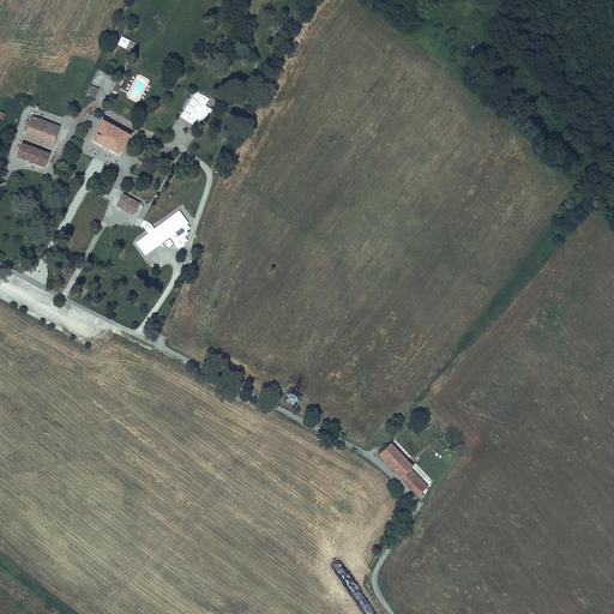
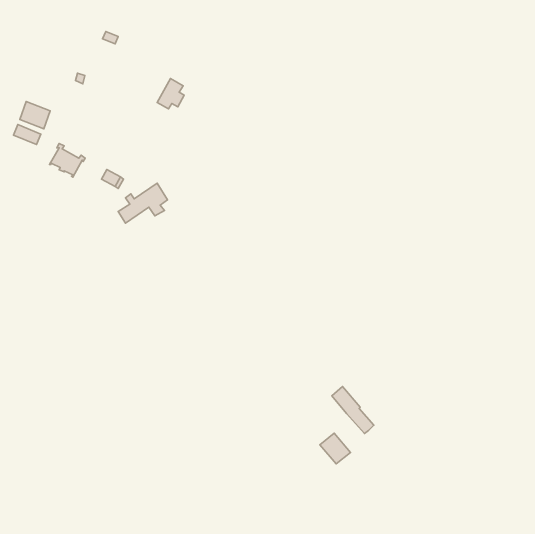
building: [91,116,132,155] -> [50,144,85,177]
building: none -> [320,433,351,464]

